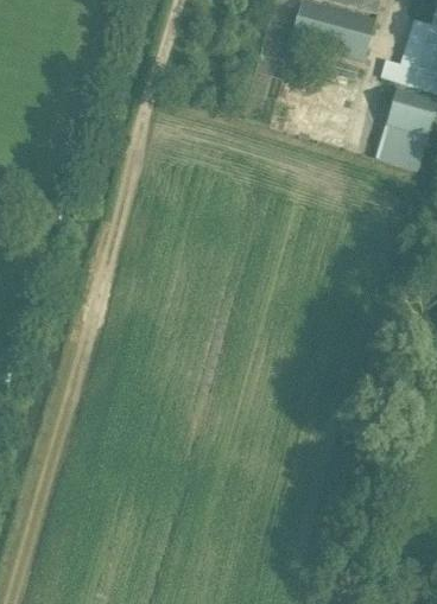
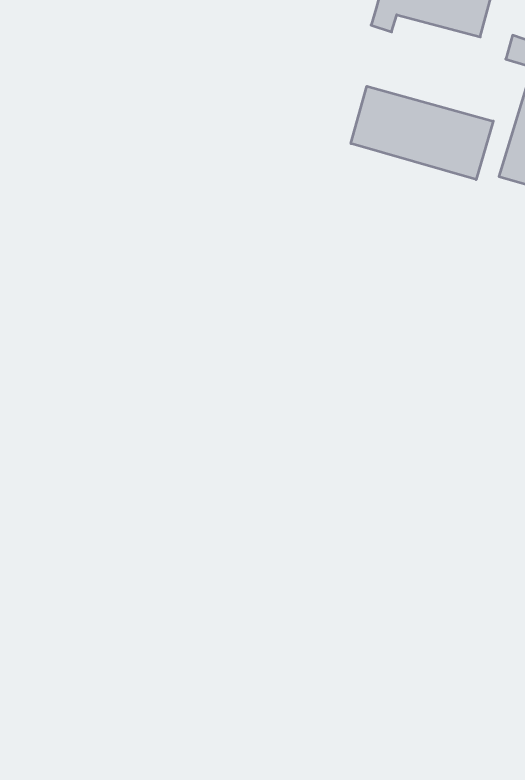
building: none -> [351,86,493,180]

